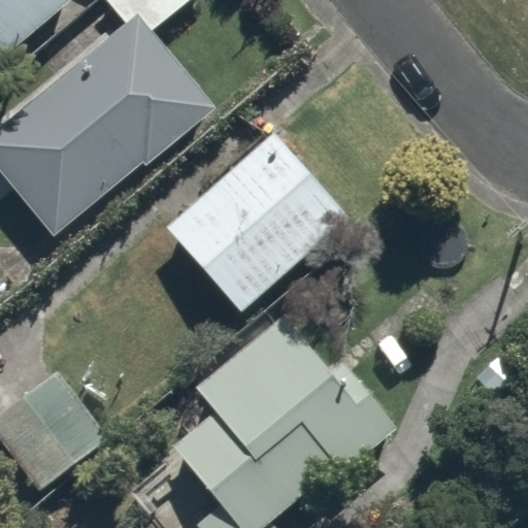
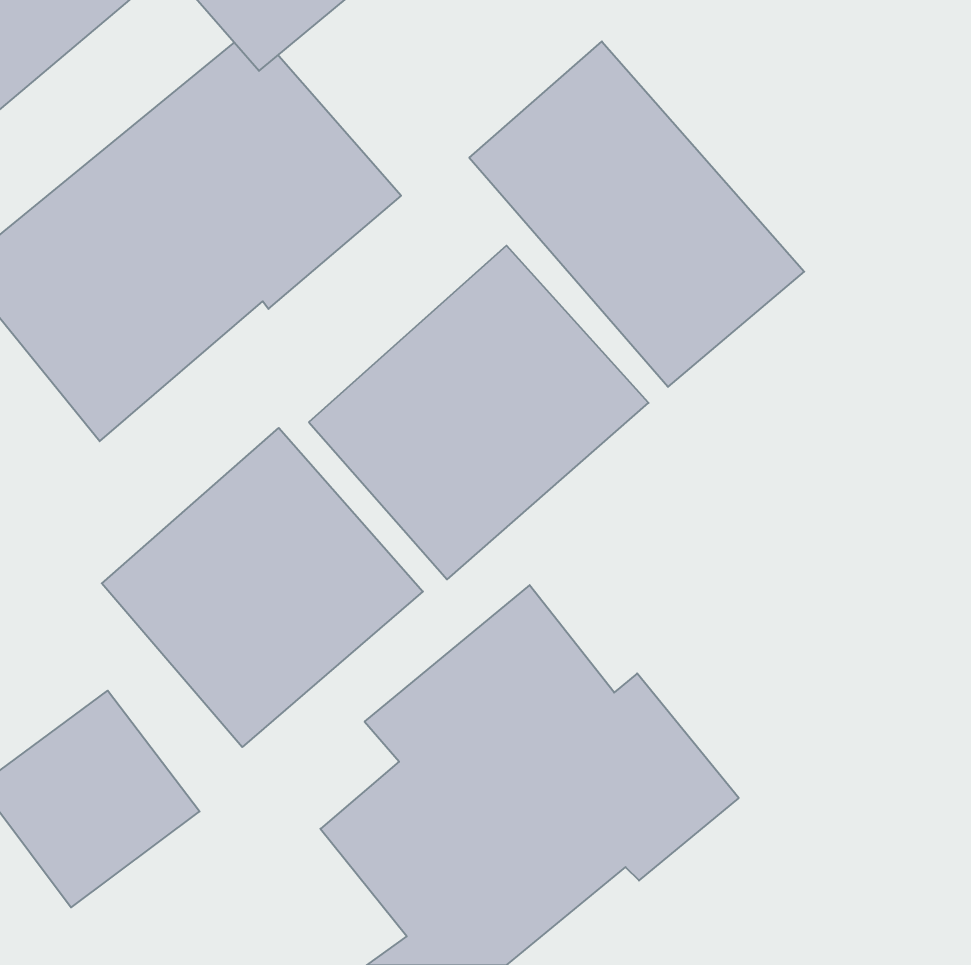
building: none -> [469,41,804,387]
building: none -> [102,428,423,747]

